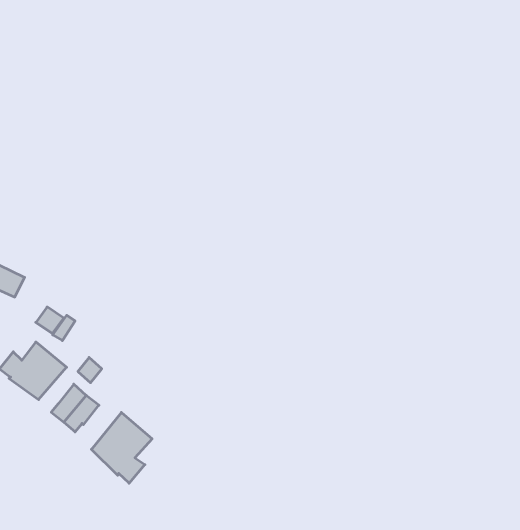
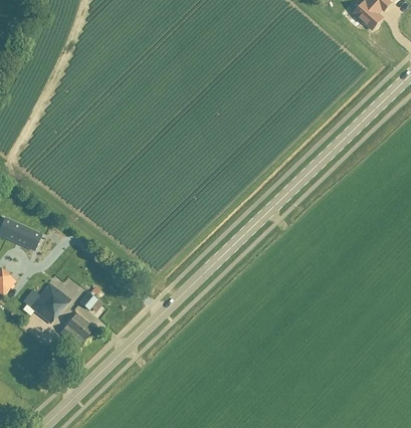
building: [91,412,152,483] -> none

